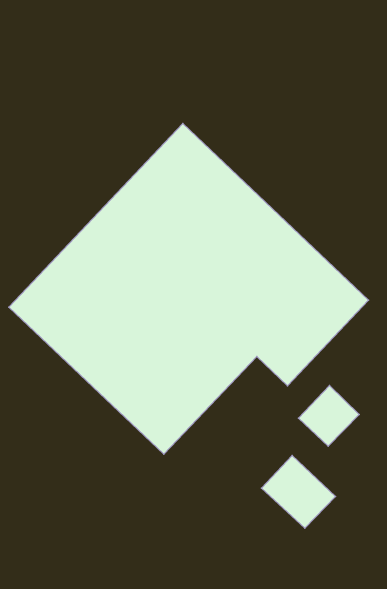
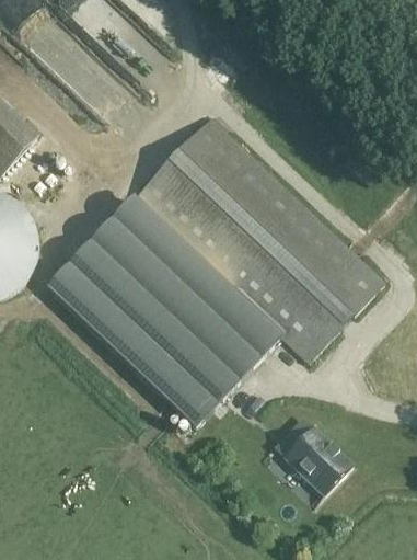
building: [299,386,359,446] -> none

